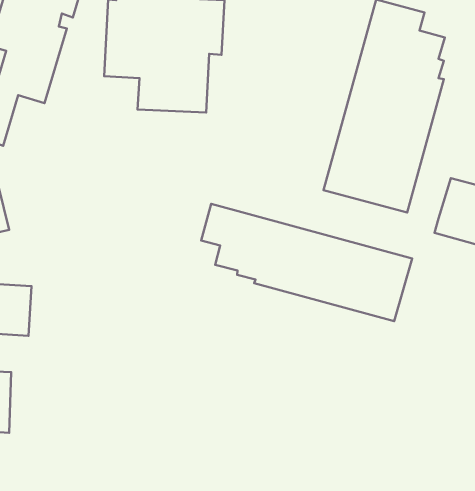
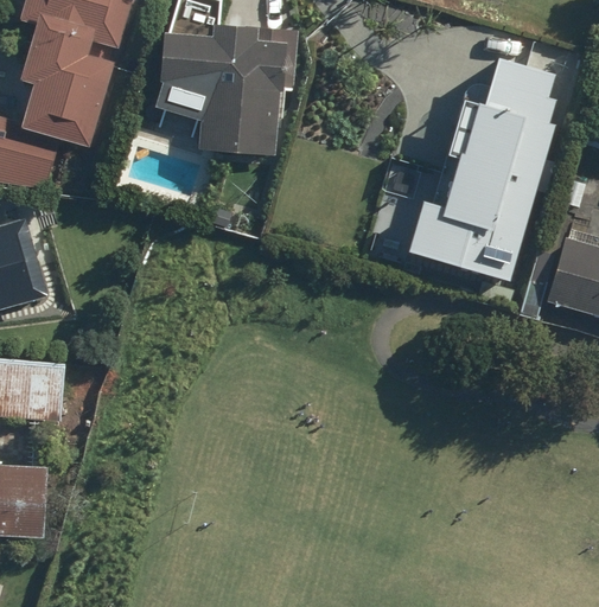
building: [201,204,412,321] -> none

